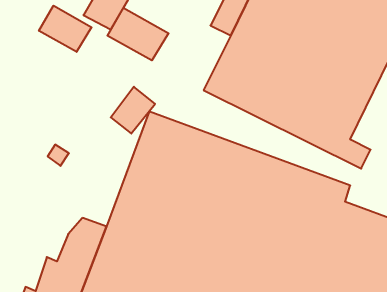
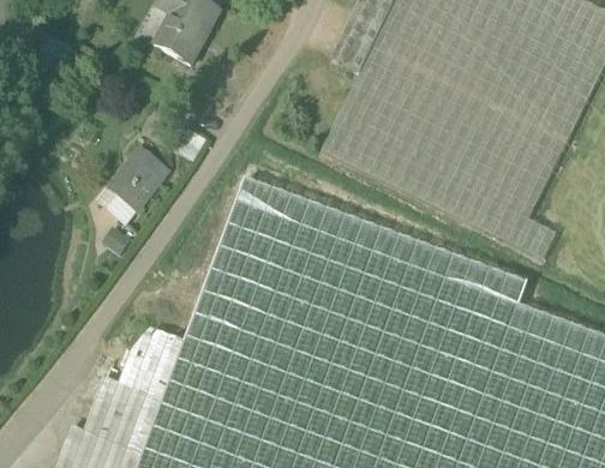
building: [39,6,92,52] -> none
building: [107,8,169,60] -> none
building: [111,87,155,134] -> [108,144,170,210]

